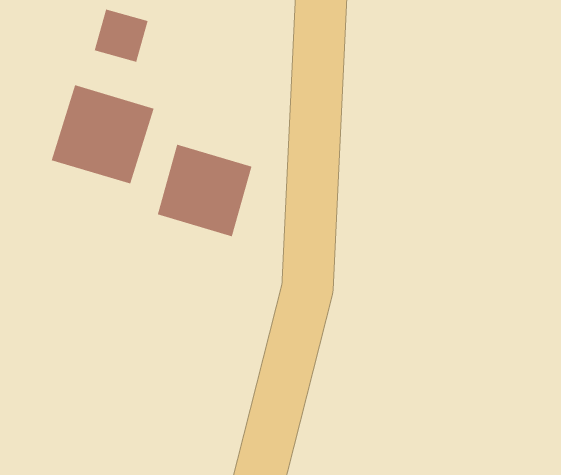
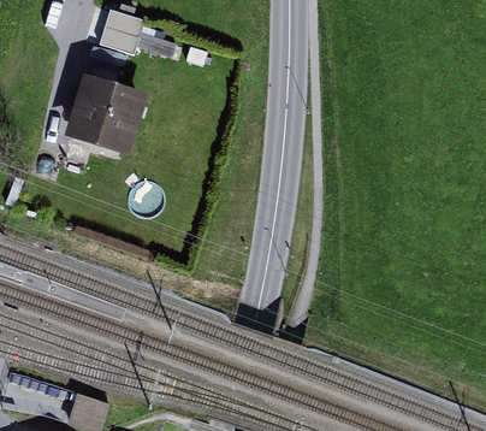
building: [157,144,252,237] -> none

